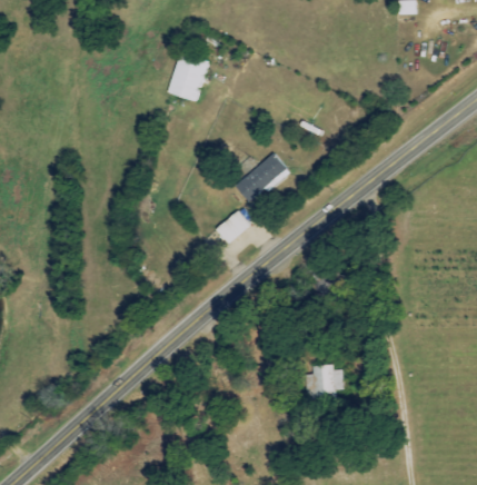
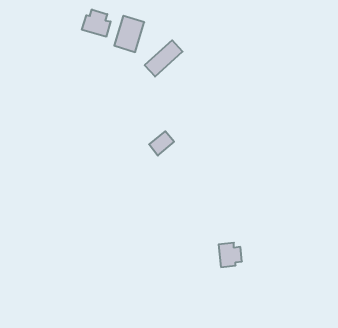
building: none -> [82,9,111,37]
building: [236,151,288,201] -> [145,40,183,77]

